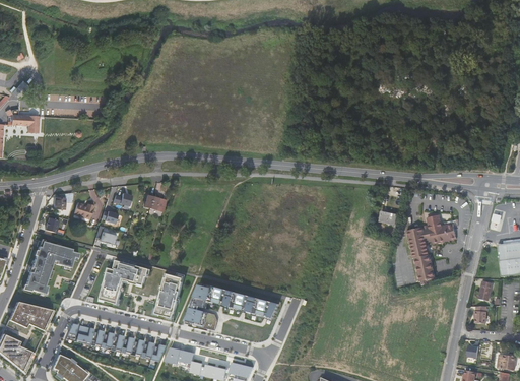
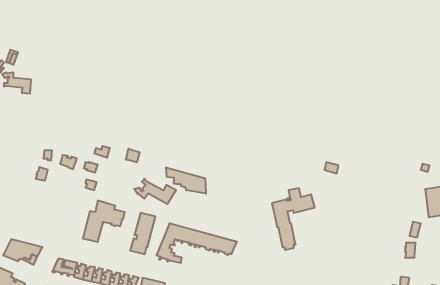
building: [406,213,456,284] -> [272,188,315,250]
building: none -> [166,167,206,194]
building: none -> [134,179,176,204]
building: [24,240,78,294] -> none

